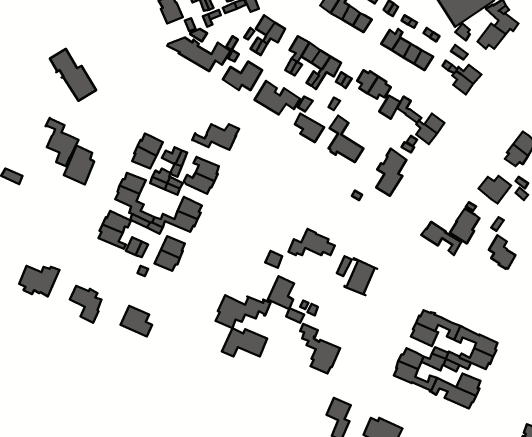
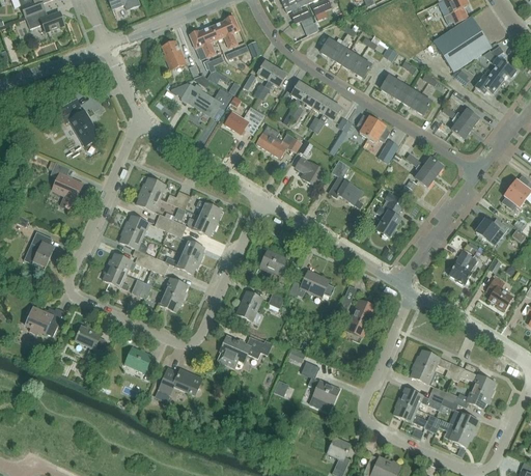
building: [192,124,239,150] -> none
building: [64,146,94,185] -> [24,230,54,269]
building: none -> [259,247,292,276]
building: [421,222,462,255] -> none
building: [268,276,294,309] -> [236,290,262,323]
building: [222,328,267,357] -> [158,367,202,395]

